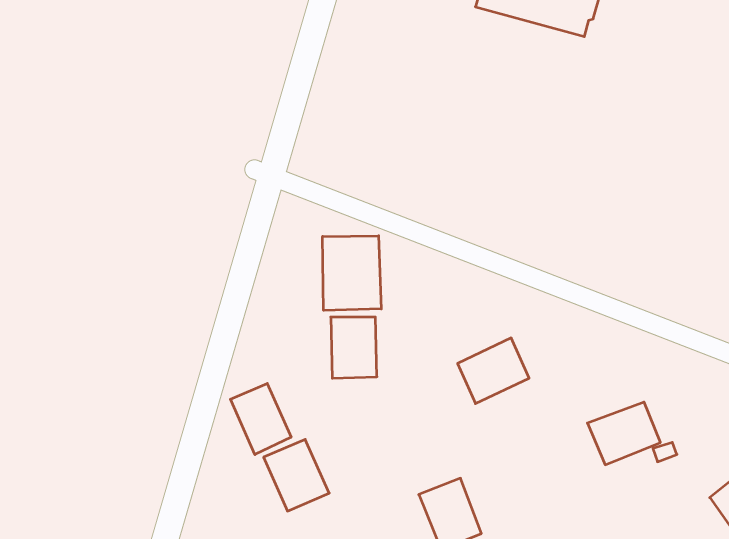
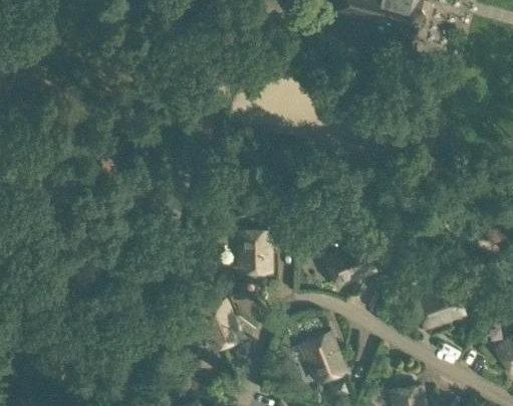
building: [323,236,381,310] -> none
building: [230,383,291,455] -> none

